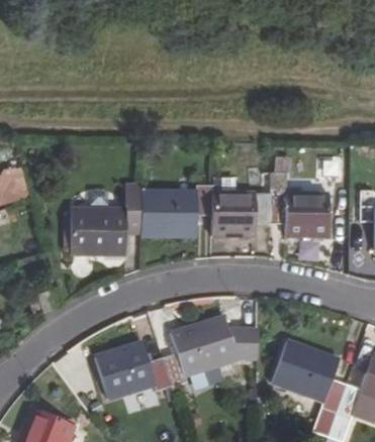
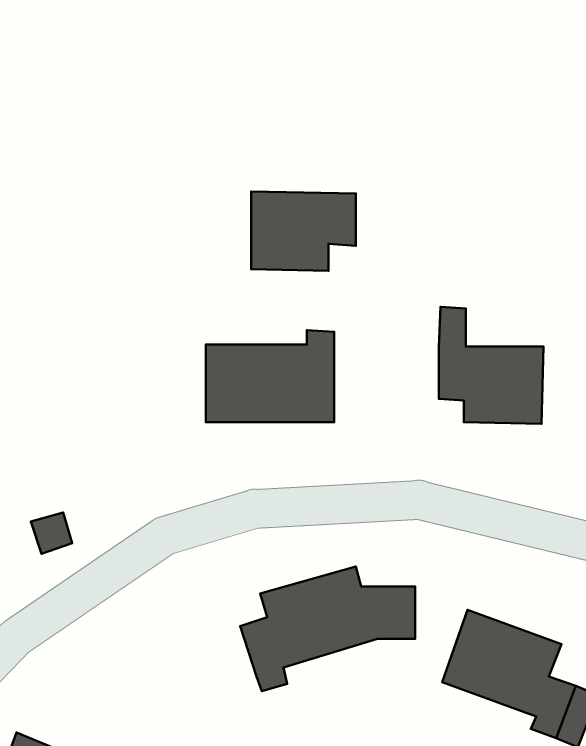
building: [71,191,140,254] -> none
building: [212,194,271,238] -> [251,192,356,271]
building: [96,344,172,399] -> none

